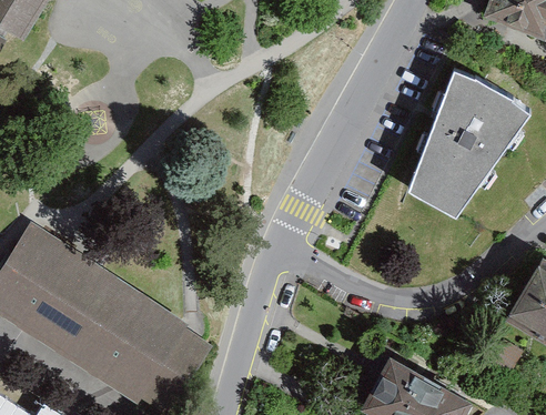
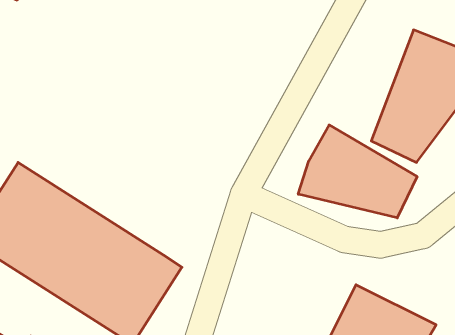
building: none -> [298,125,417,218]

